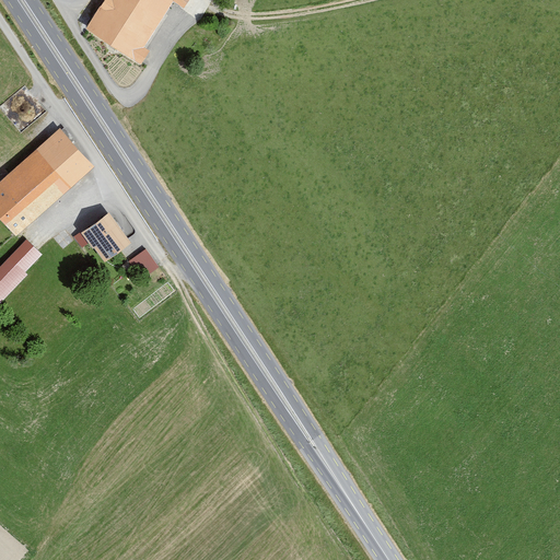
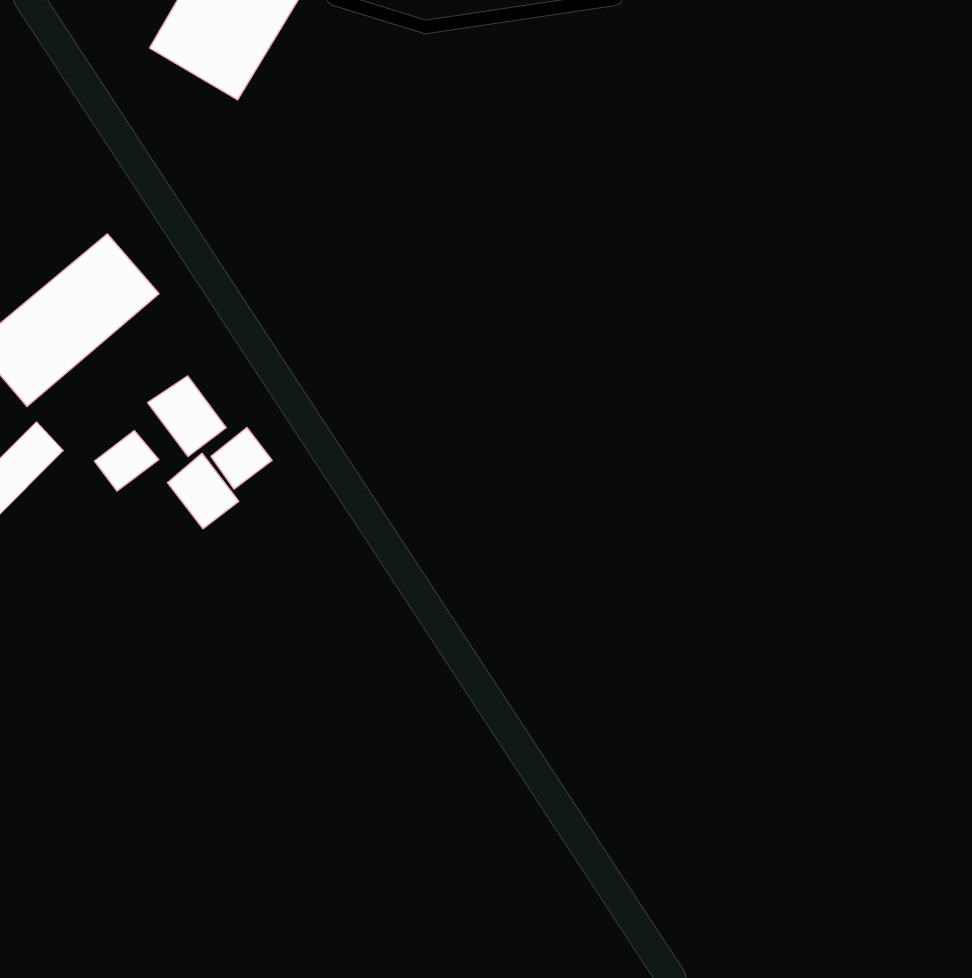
building: none -> [94,431,159,491]
building: none -> [167,453,239,529]

